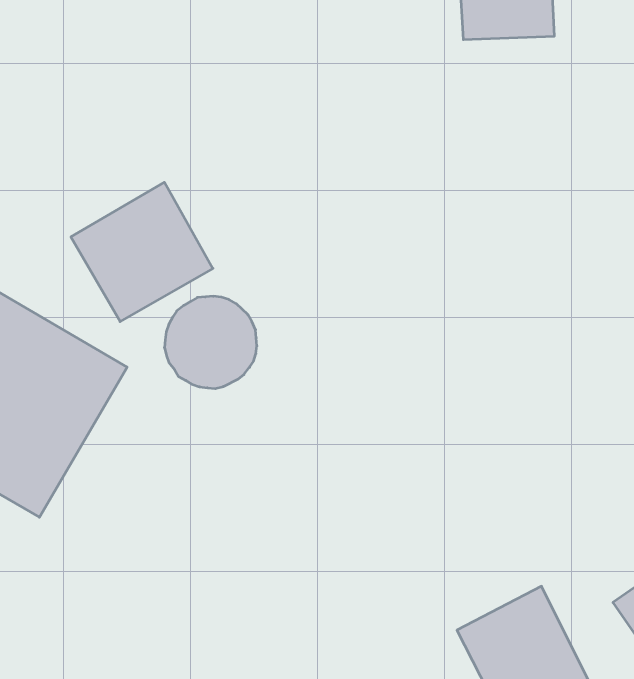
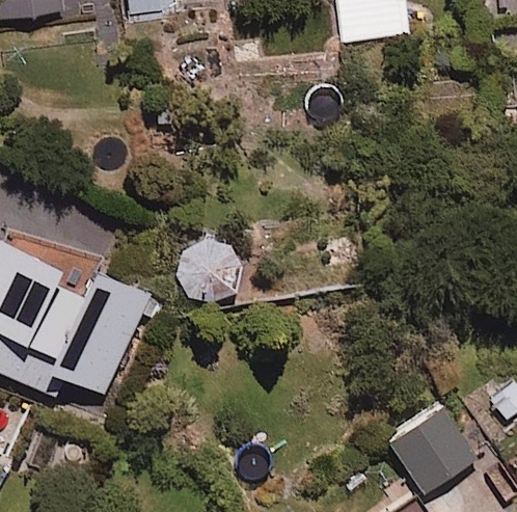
building: [71,182,213,322] -> none

